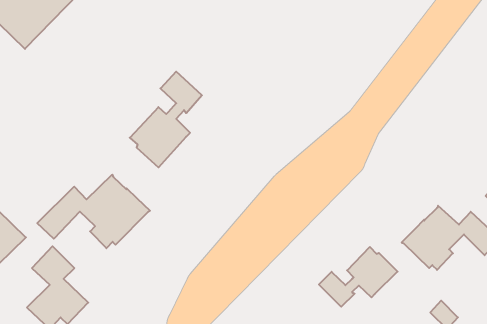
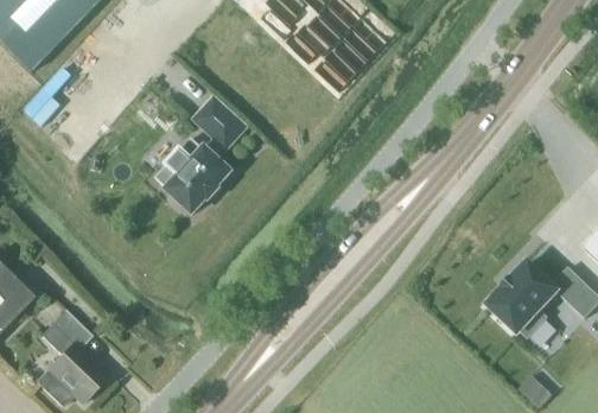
building: [37,175,150,248] -> none
building: [319,247,398,307] -> none

